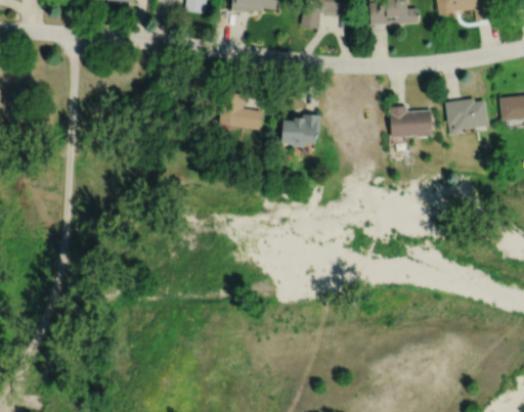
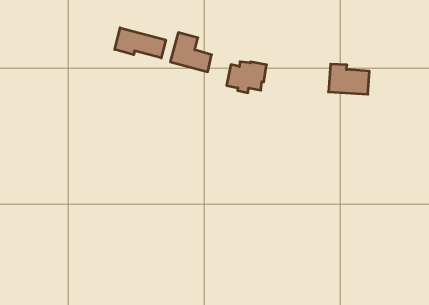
building: none -> [115,28,166,58]
building: [444,99,487,137] -> none

